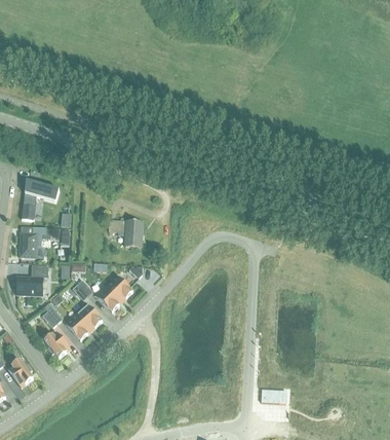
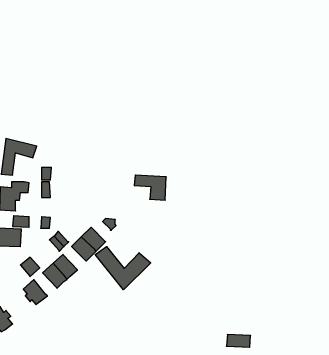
building: [108,220,142,247] -> [134,175,166,200]
building: none -> [95,247,151,290]

